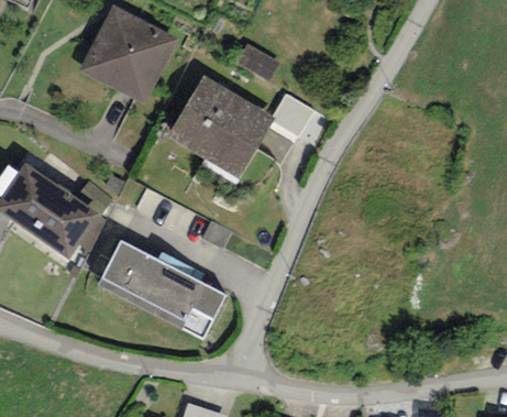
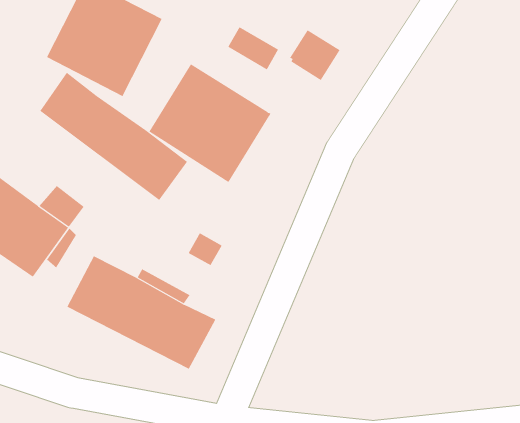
building: none -> [39,72,188,201]
building: [271,92,315,136] -> [289,30,340,81]

